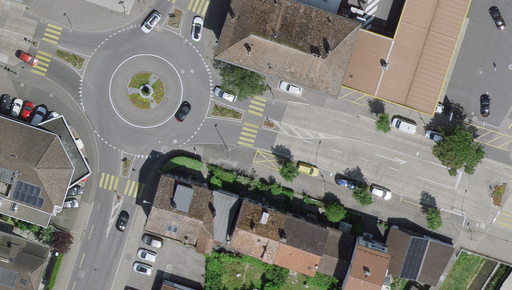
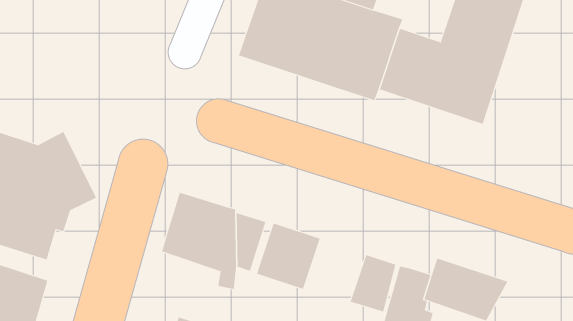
building: [272,214,327,273] -> none

